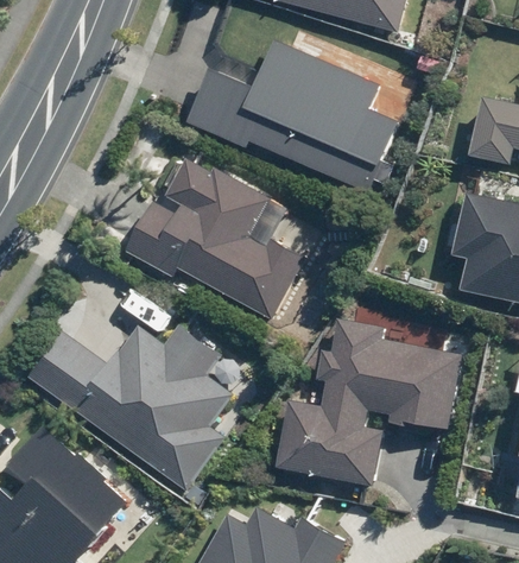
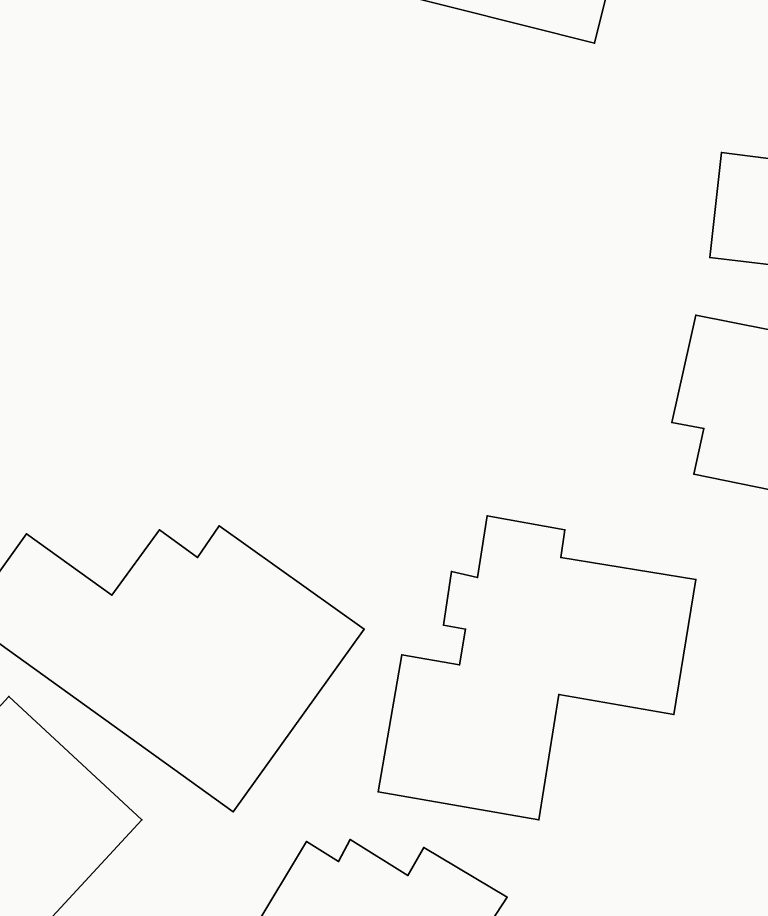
building: [182,21,399,191] -> none
building: [122,148,315,315] -> none

